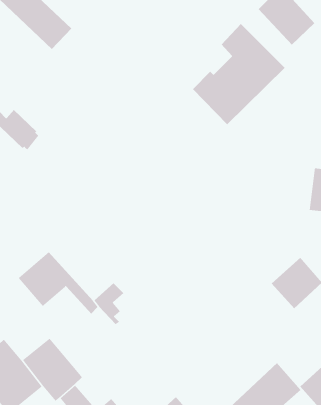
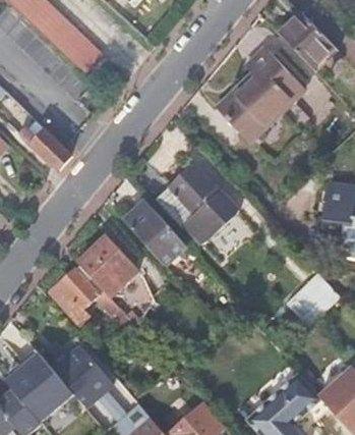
building: none -> [158,163,238,244]
building: none -> [122,198,186,264]
building: none -> [77,235,137,295]

